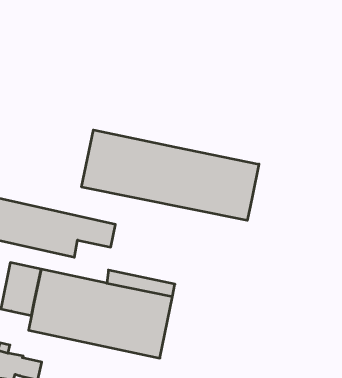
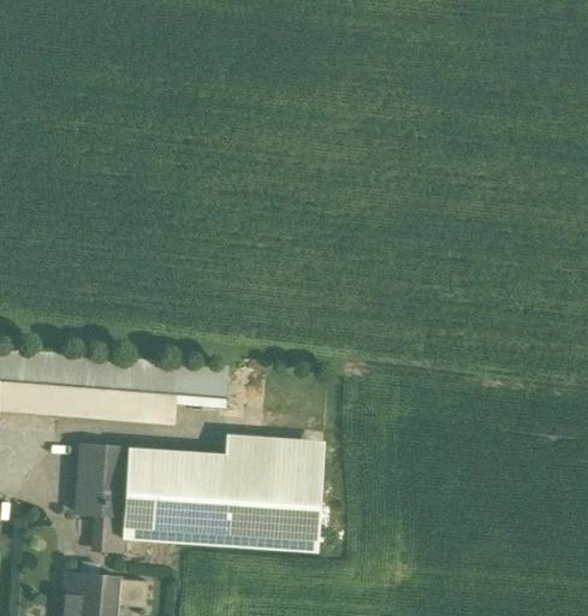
building: [82,130,259,220] -> none
building: none -> [90,514,123,552]

